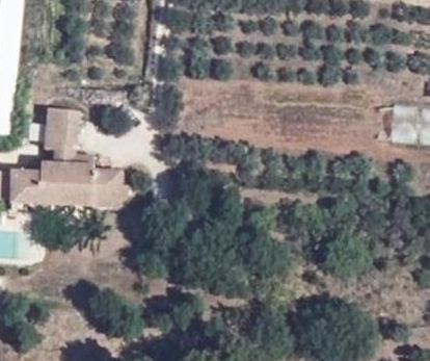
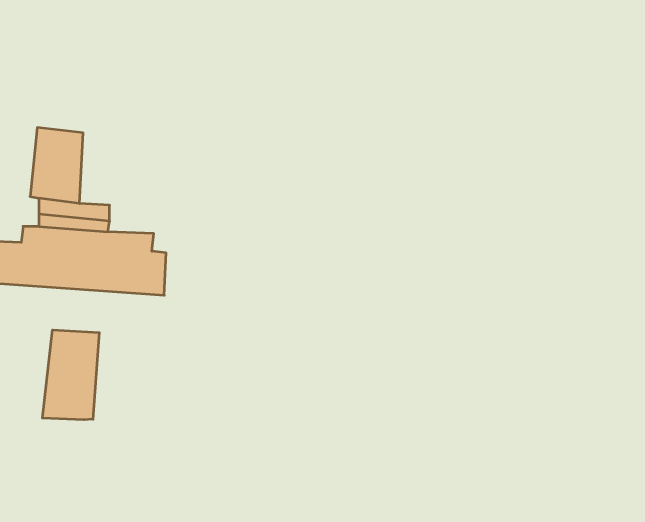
building: none -> [42,330,99,420]

